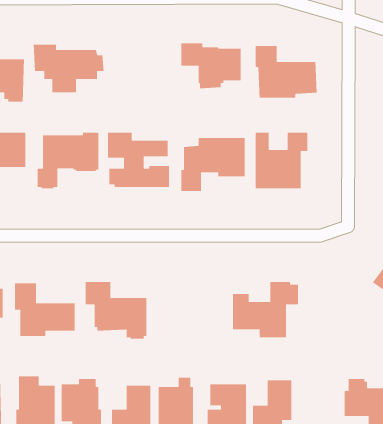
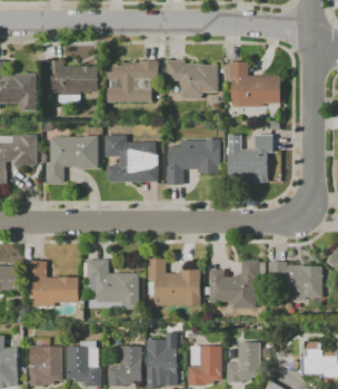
building: none -> [107,60,159,101]
building: none -> [148,259,200,305]
building: none -> [269,262,322,305]

